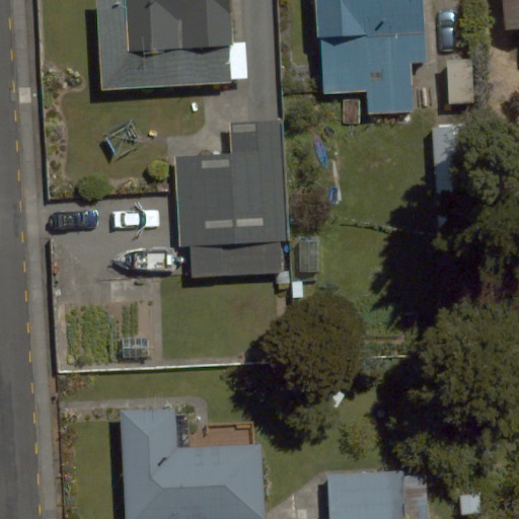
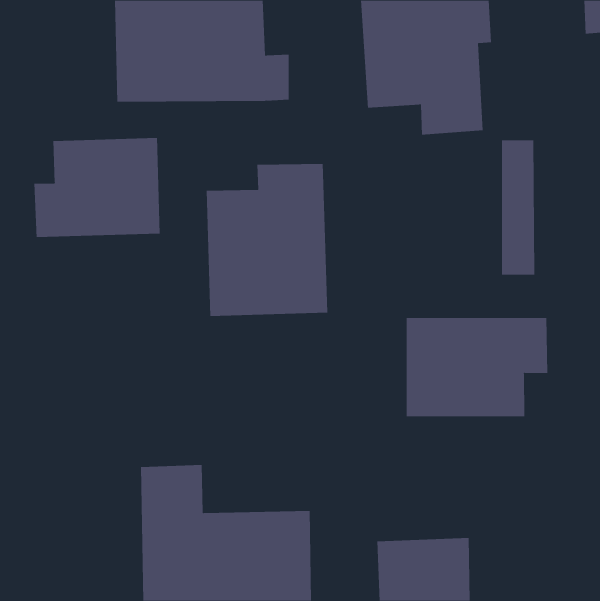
building: none -> [34,137,160,238]
building: none -> [406,317,548,417]

